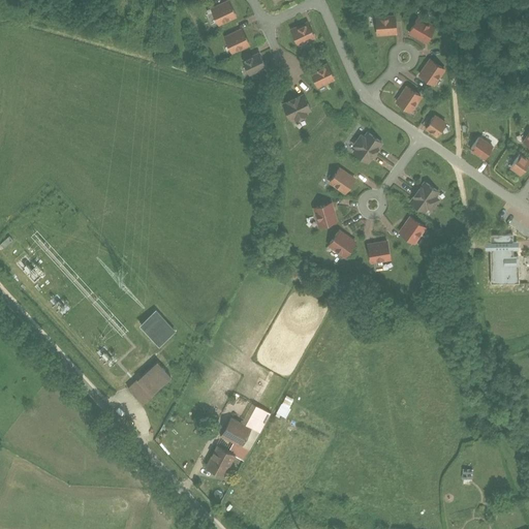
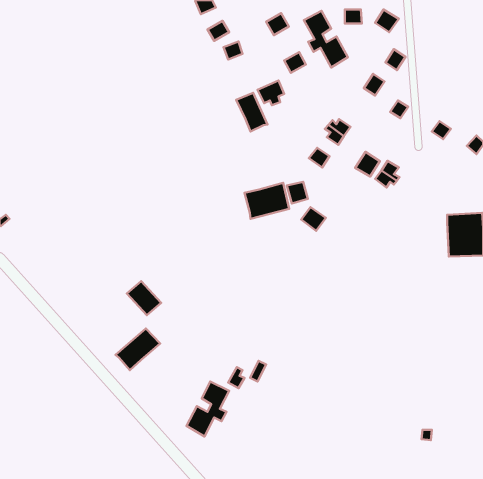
building: none -> [304,11,348,68]
building: none -> [236,93,267,131]
building: none -> [244,183,289,219]
building: [398,217,425,244] -> [355,152,380,176]
building: [368,244,390,264] -> none

